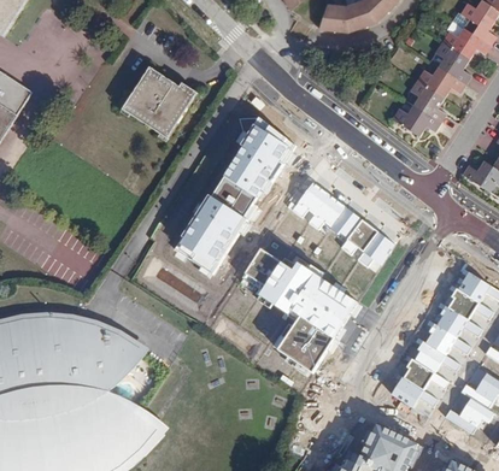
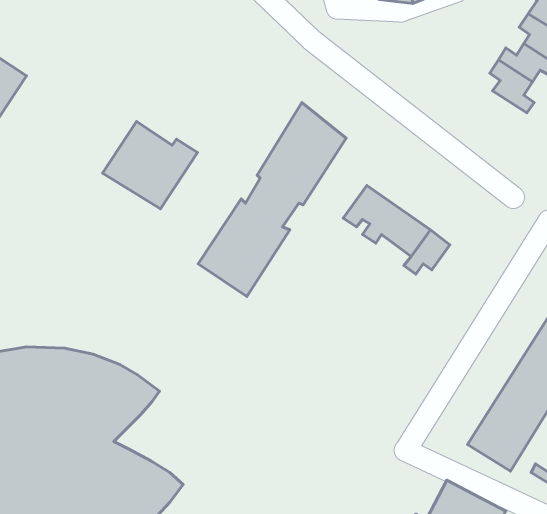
building: [117,67,194,139] -> [103,121,197,209]
building: [392,105,440,137] -> none
building: [357,230,395,265] -> none
building: [241,247,357,372] -> none

